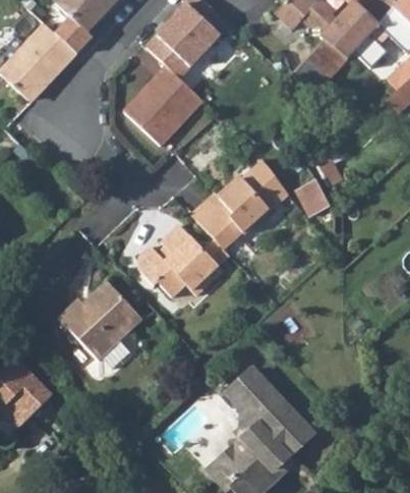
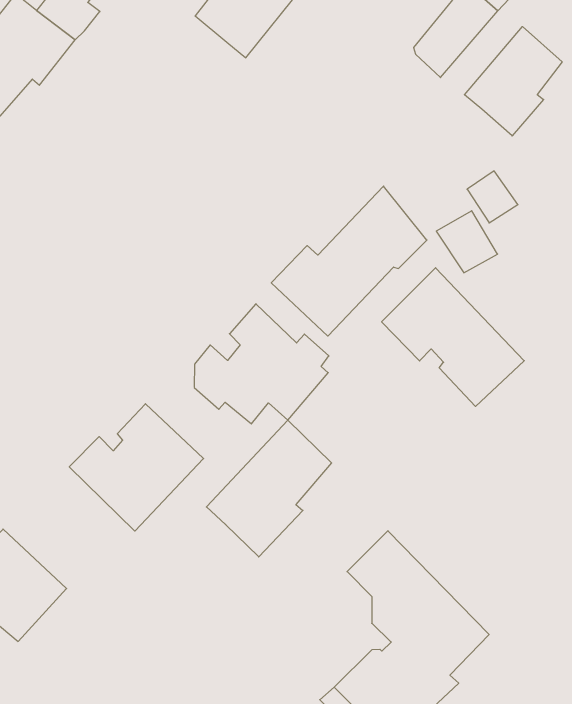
building: [134,64,208,145] -> none
building: none -> [464,27,562,136]
building: none -> [382,268,524,406]
building: none -> [206,420,332,557]

